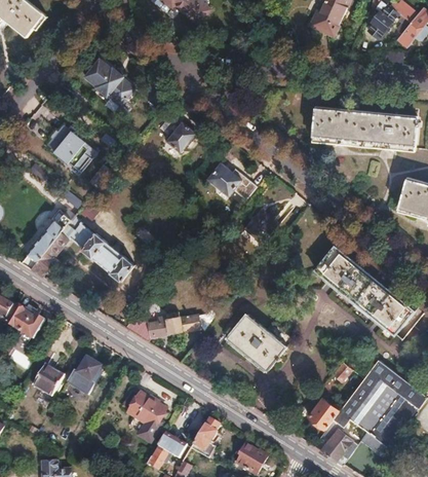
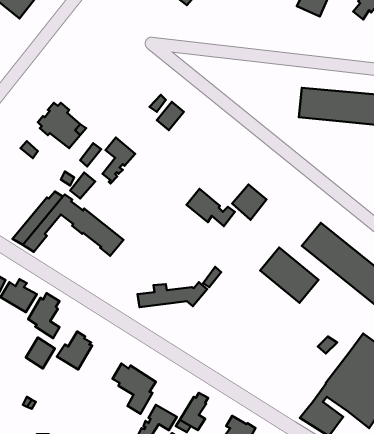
building: [84,58,135,105] -> none
building: none -> [103,137,135,183]
building: [206,160,256,198] -> [187,189,235,226]
building: [226,313,285,369] -> [260,247,318,303]
building: none -> [28,293,60,338]
building: [308,398,339,429] -> none

